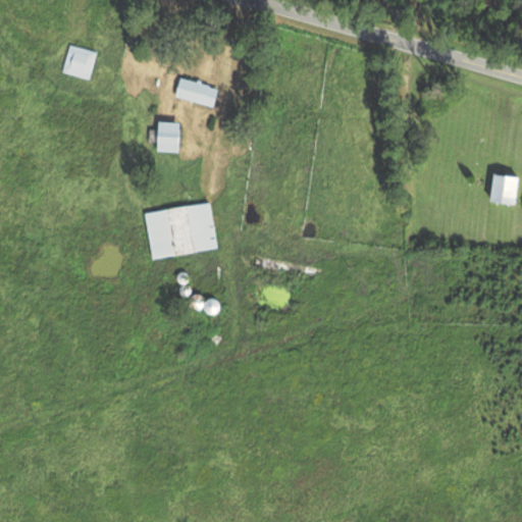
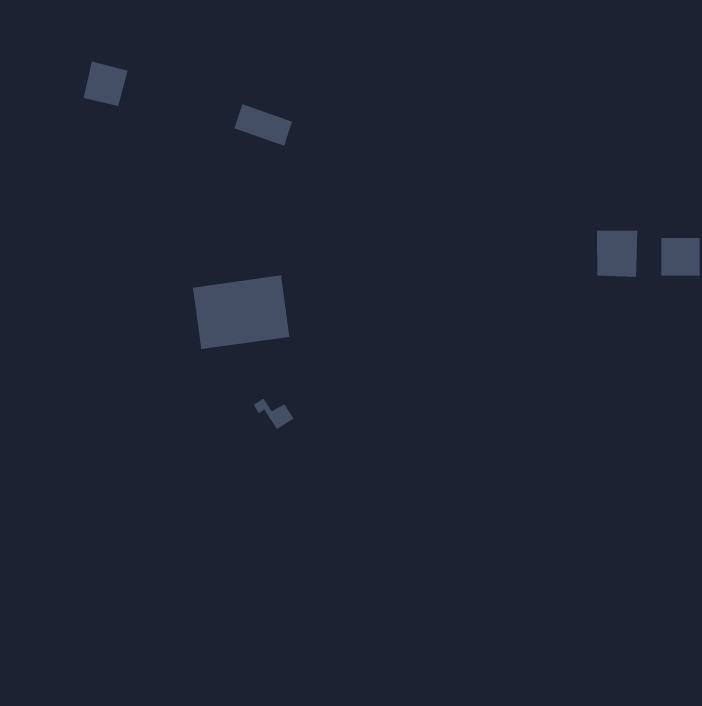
building: [155,122,177,152] -> none
building: none -> [597,230,638,278]

